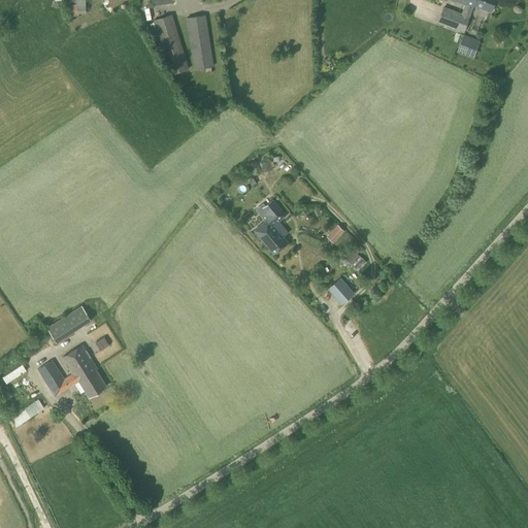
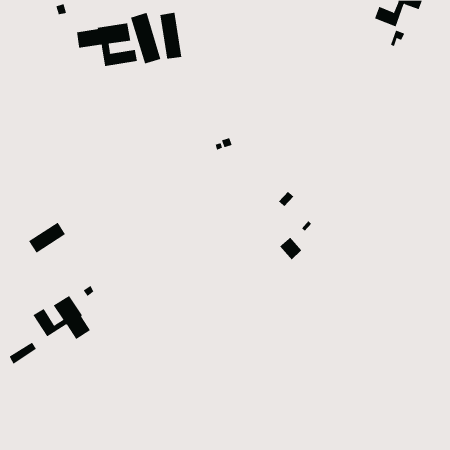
building: none -> [76,23,137,67]
building: [254,199,288,254] -> none
building: [46,305,91,342] -> [28,222,66,254]

